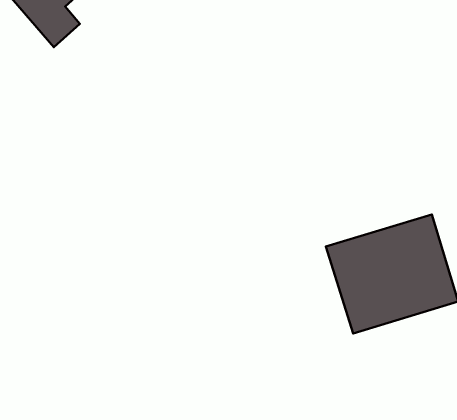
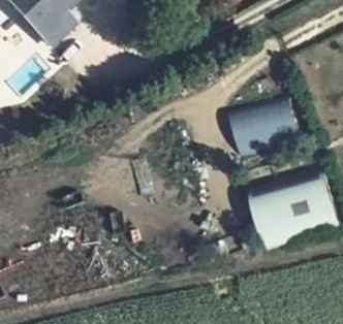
building: none -> [228,93,301,153]

